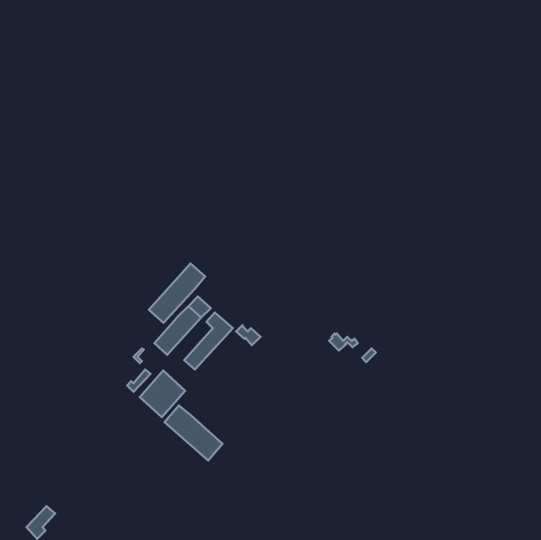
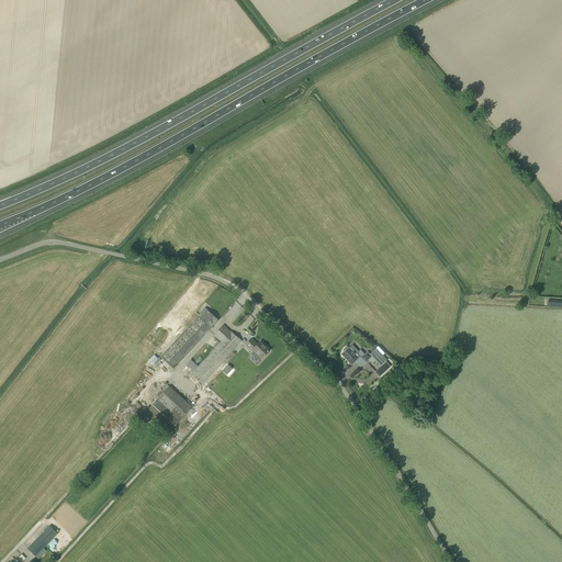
building: [149,263,205,323] -> none
building: [165,406,223,460] -> none

